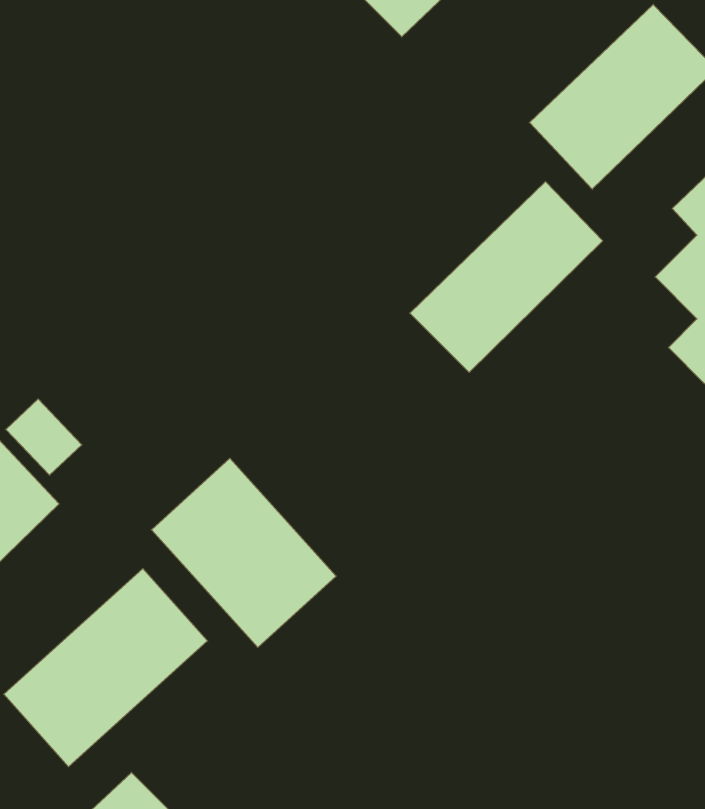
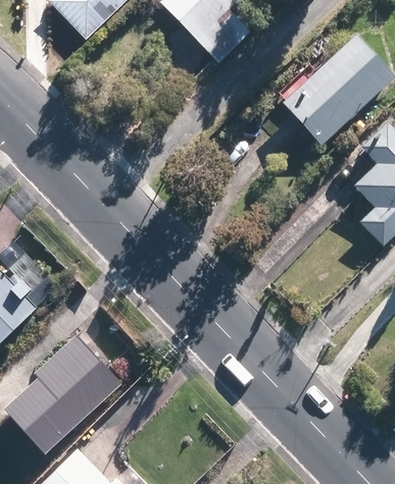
building: [410,182,603,372] -> none
building: [151,458,336,647] -> none

